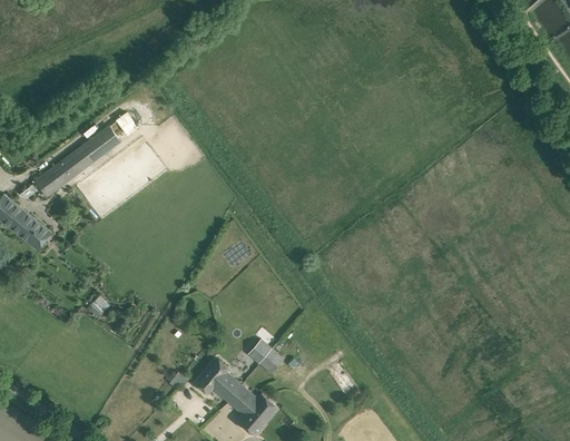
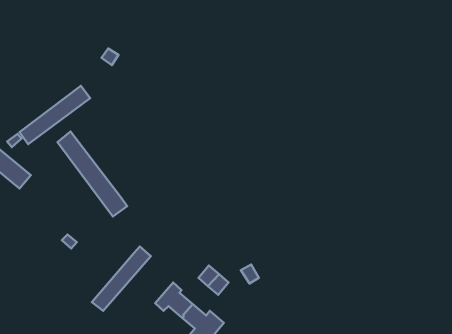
building: none -> [57,132,127,216]
building: none -> [92,246,151,311]

